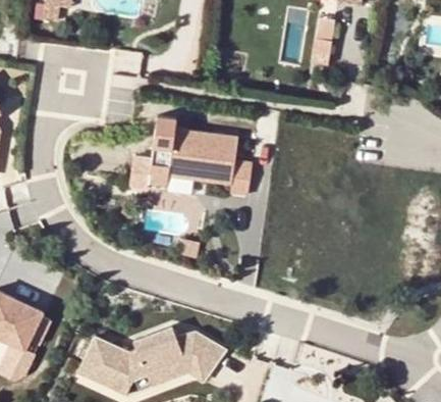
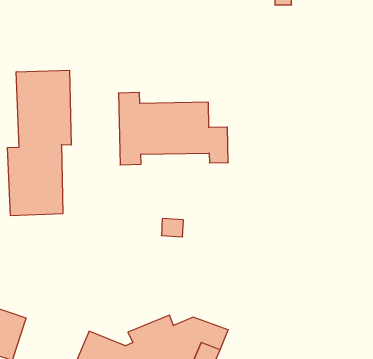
building: none -> [7,70,71,216]

